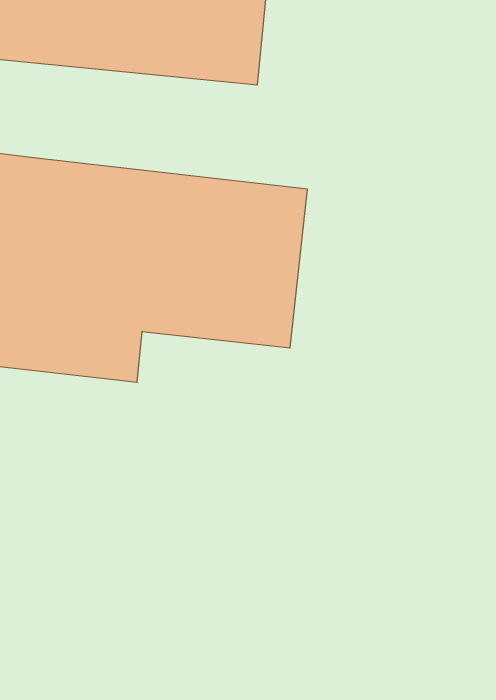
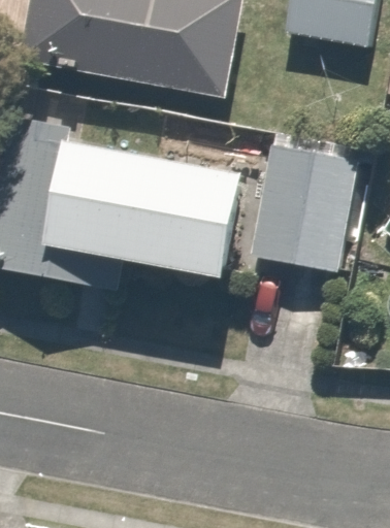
building: none -> [248,146,355,269]

